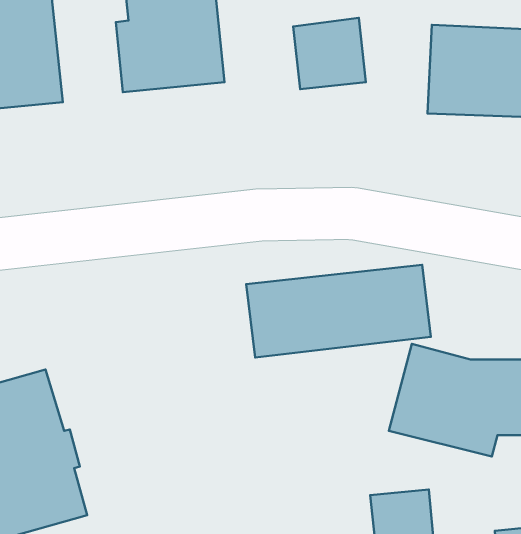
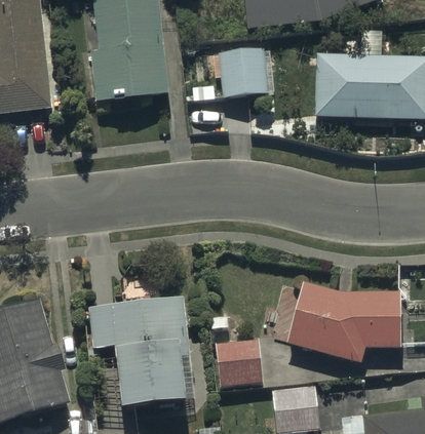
building: [246,265,431,357] -> none
building: none -> [88,295,194,406]
building: none -> [215,338,262,387]

